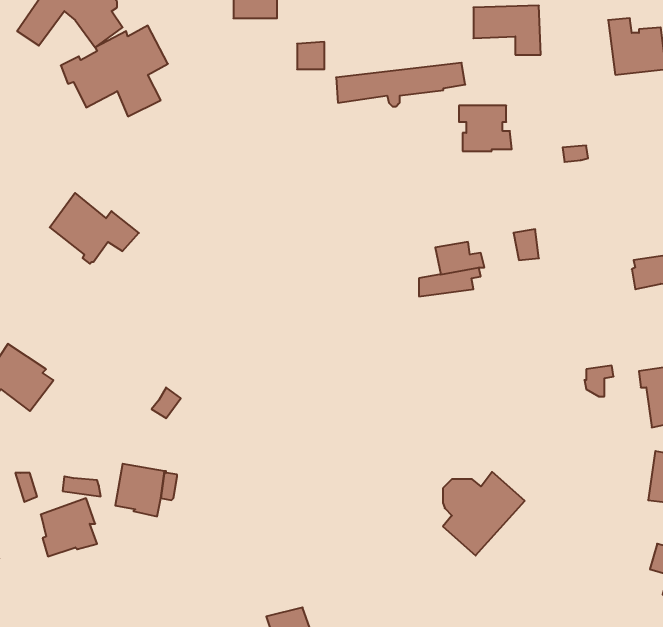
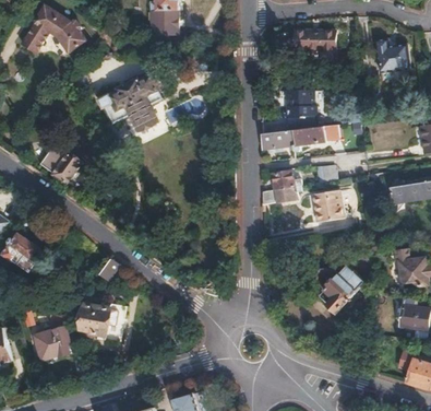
building: [61,26,168,116] -> [98,79,163,133]
building: [336,63,465,106] -> [261,126,338,152]
building: none -> [312,191,343,222]
building: [443,472,525,556] -> [318,263,367,314]

